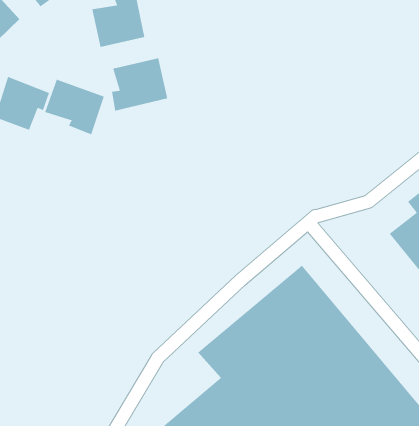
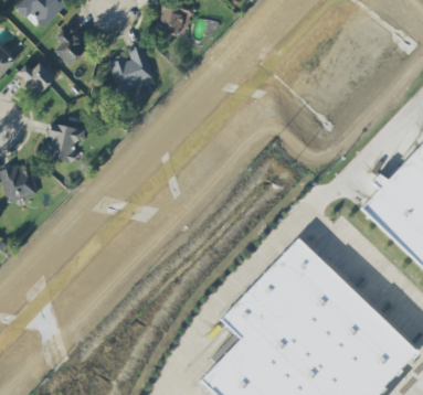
building: [112,58,168,111] -> none
building: [45,79,104,135] -> none

